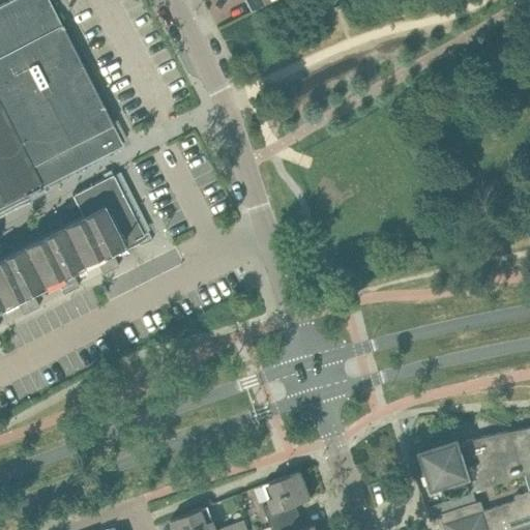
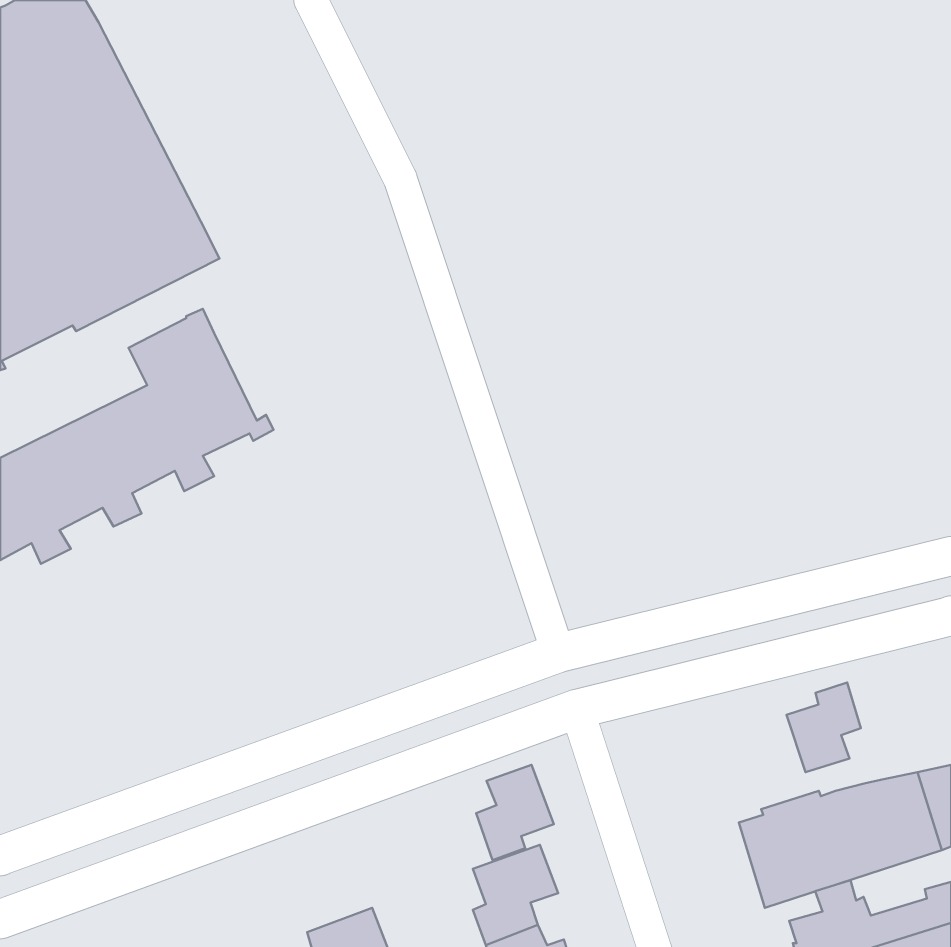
building: none -> [787,683,861,772]
building: none -> [476,765,554,860]

